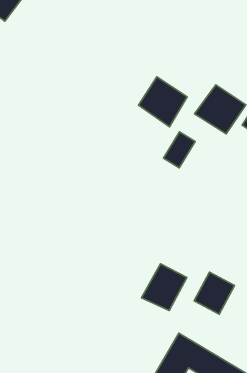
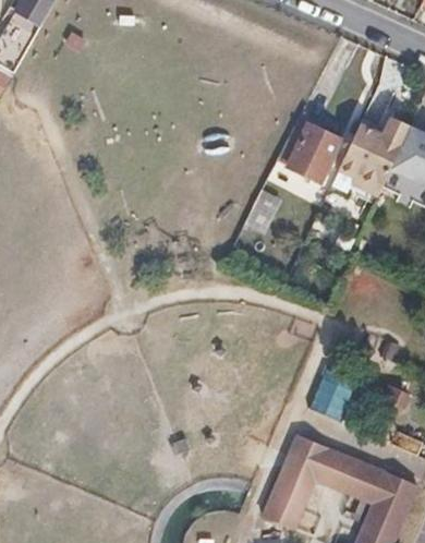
building: [138,77,187,127] -> none
building: [142,264,187,310] -> none

